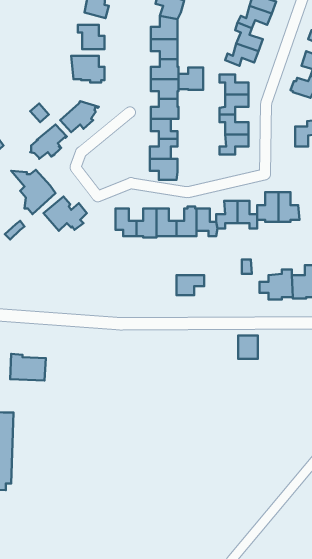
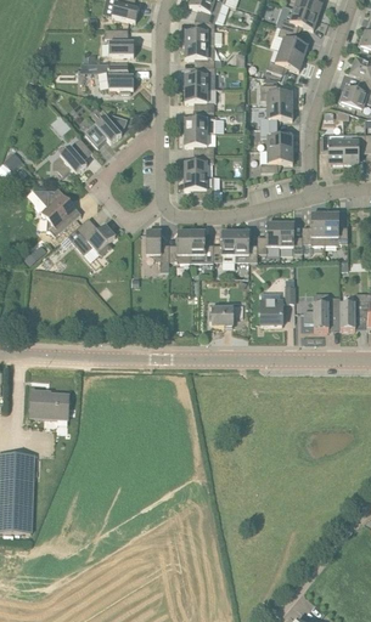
building: [179,68,203,90] -> none
building: none -> [321,134,343,162]
building: [238,335,258,359] -> [260,299,282,324]

